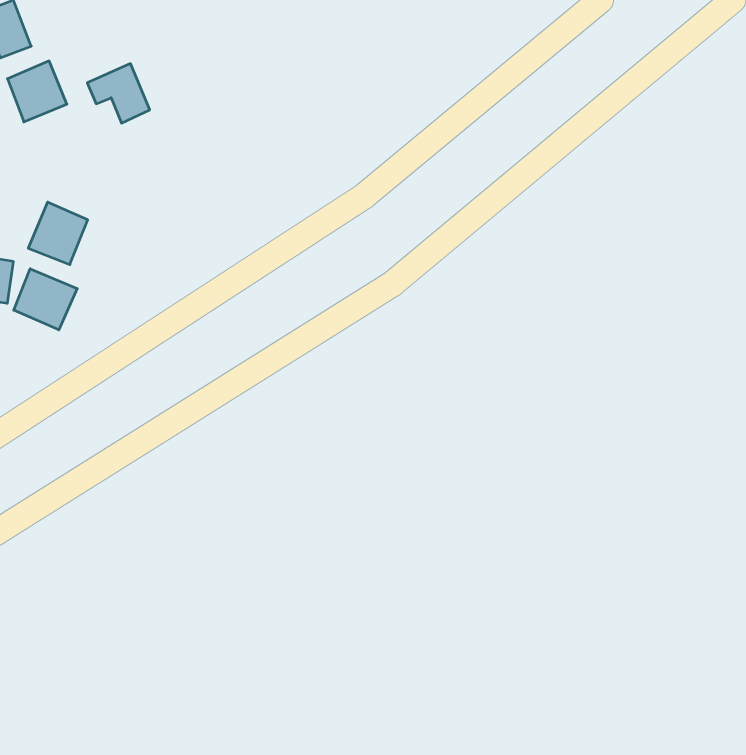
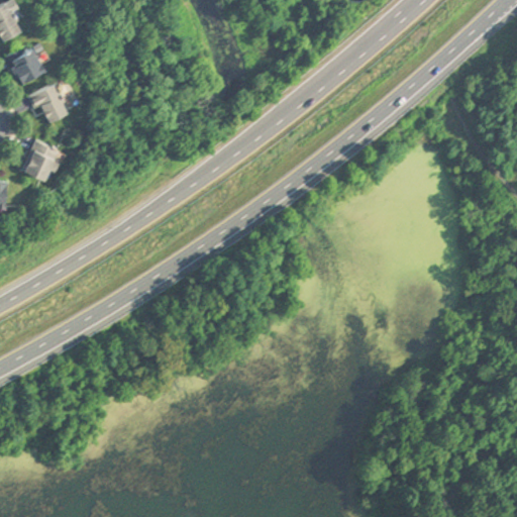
building: [87,64,150,123] -> [25,84,68,124]
building: [14,269,77,330] -> none

